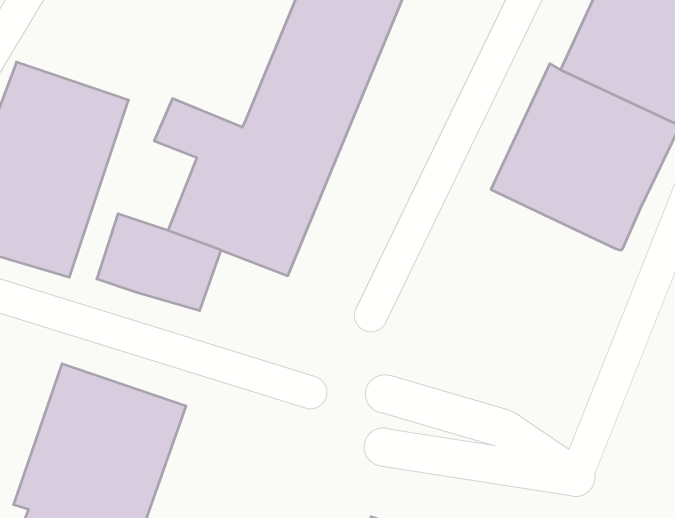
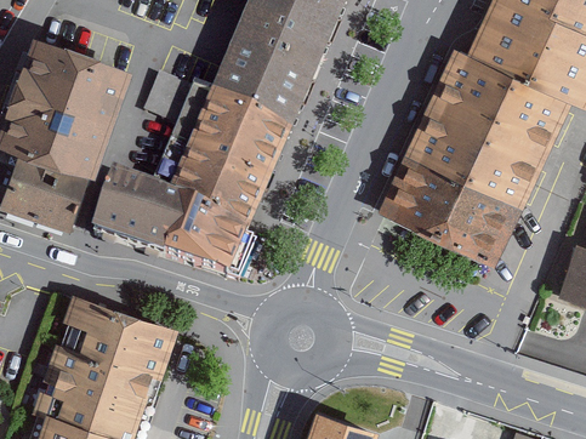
building: none -> [383,153,512,261]
building: none -> [180,201,250,269]

